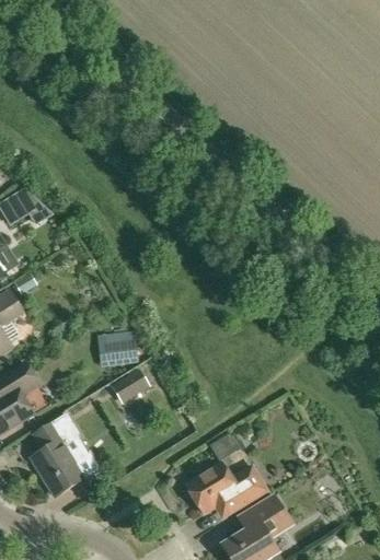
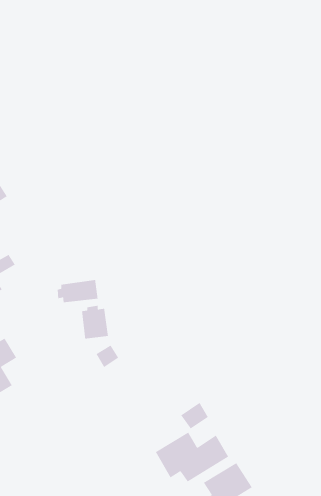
building: none -> [57,279,98,303]
building: [32,416,82,497] -> none

